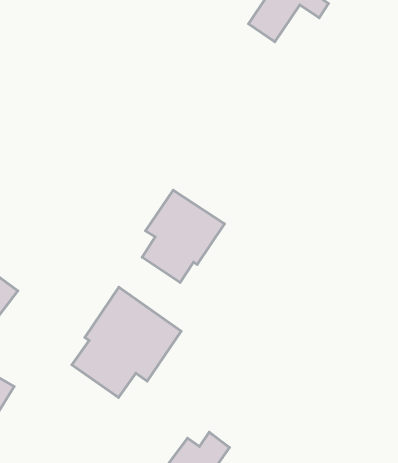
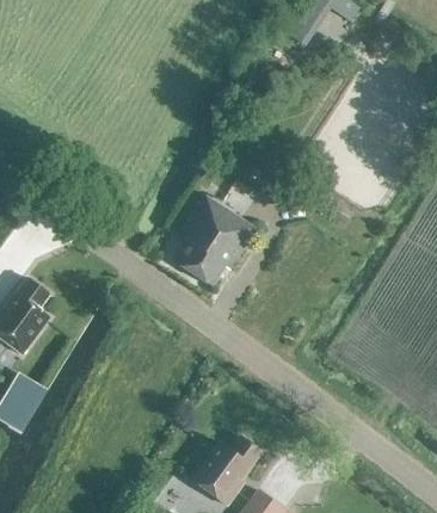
building: [72,287,181,397] -> none

